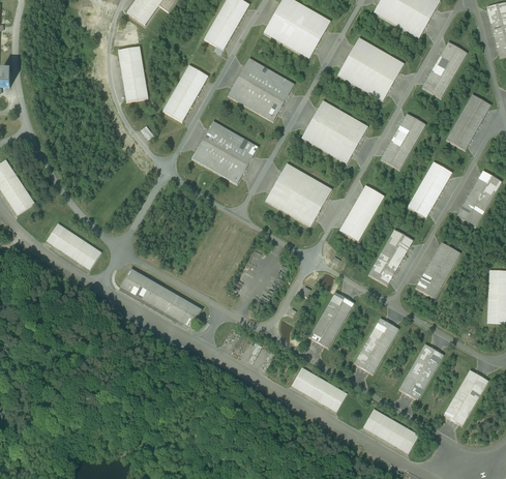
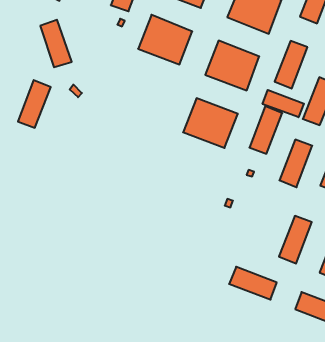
building: [163,64,208,120] -> [18,80,51,128]
building: [191,120,258,183] -> none
building: none -> [263,90,304,117]
building: [47,222,101,269] -> none
building: [120,268,202,327] -> none
building: [309,291,354,347] -> none

